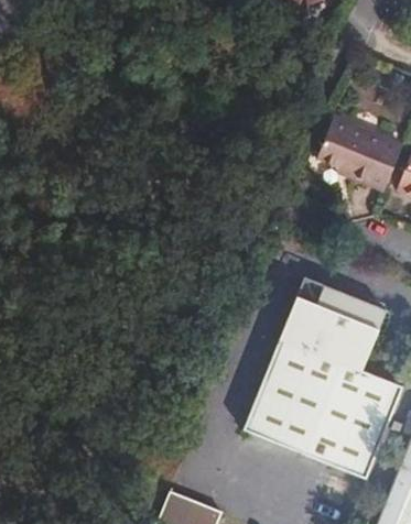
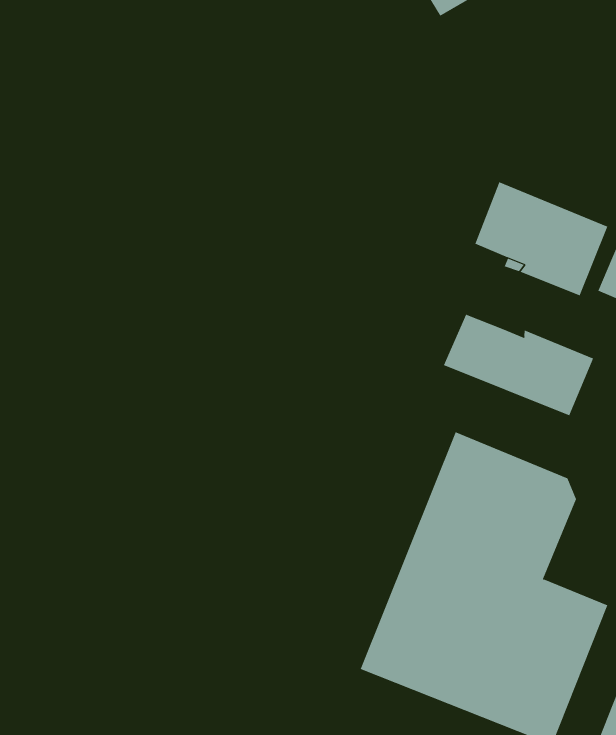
building: none -> [443,314,594,416]

